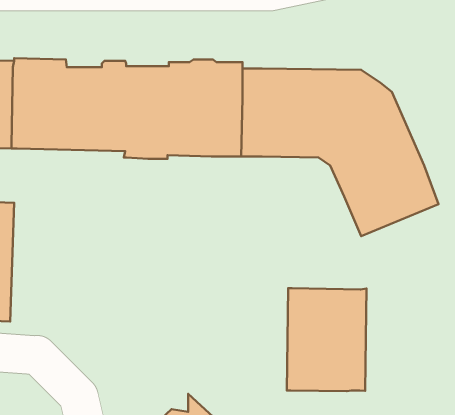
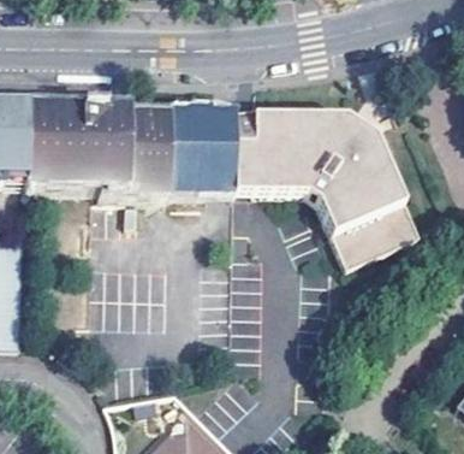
building: [287,288,366,391] -> none

